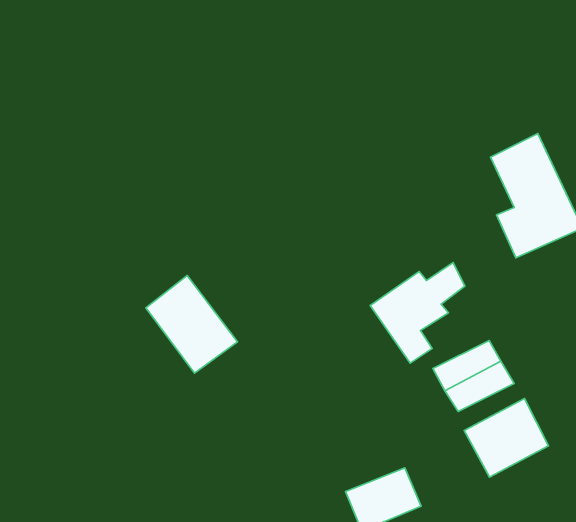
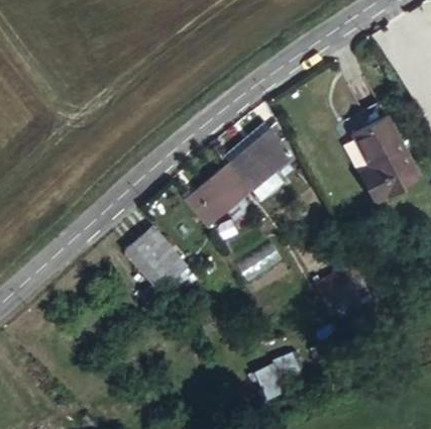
building: none -> [191,164,250,220]
building: [370,263,465,363] -> [233,131,298,200]
building: [464,398,549,477] -> none

